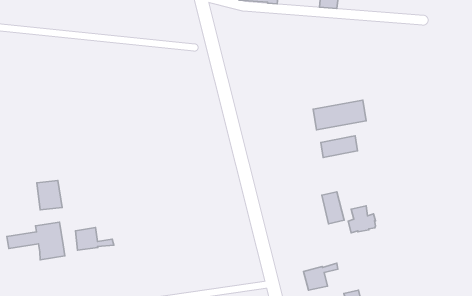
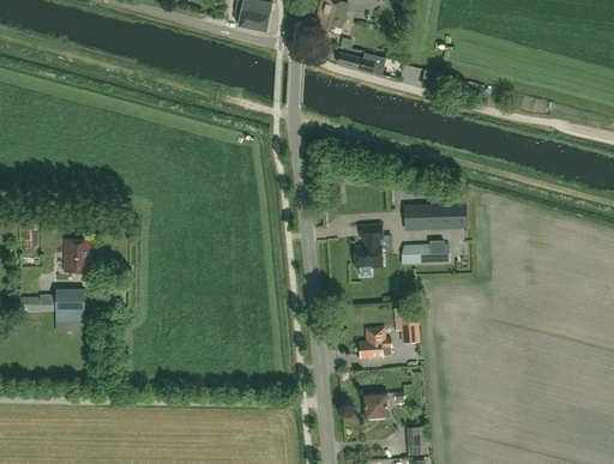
building: none -> [354,225,381,267]
building: [348,206,376,233] -> [359,329,391,357]
building: [75,227,114,250] -> none

